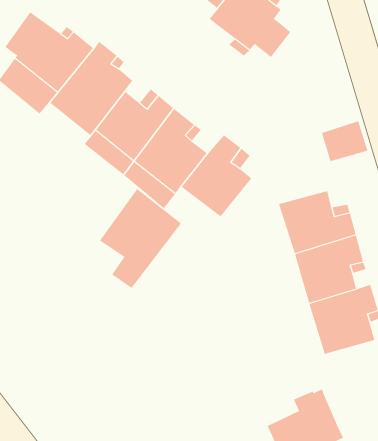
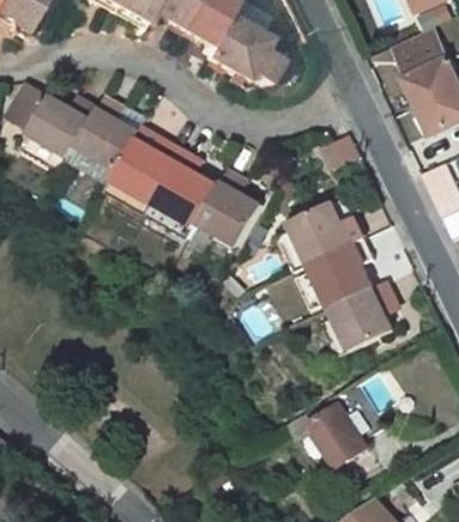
building: [99,188,182,289] -> none

